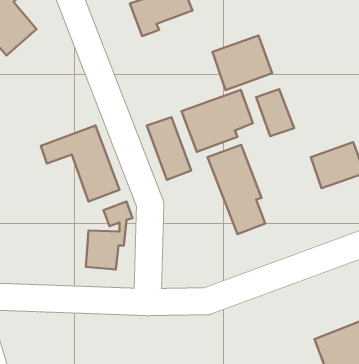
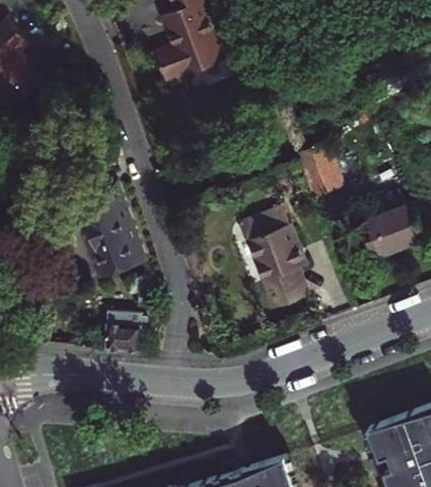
building: [212,36,272,90] -> none
building: [182,90,253,152] -> none
building: [147,117,191,180] -> none

